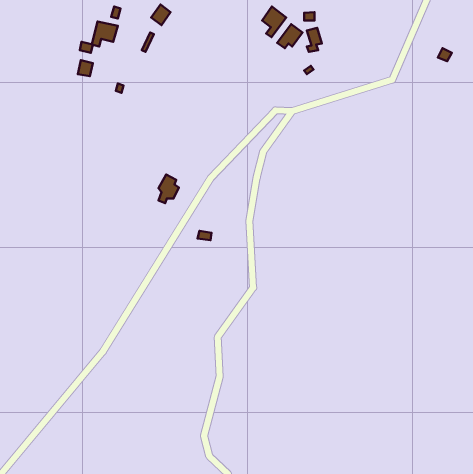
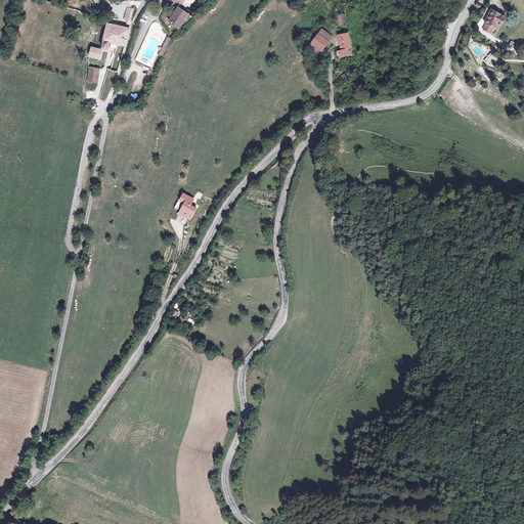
building: [262,7,286,37] -> none
building: none -> [479,8,506,36]

